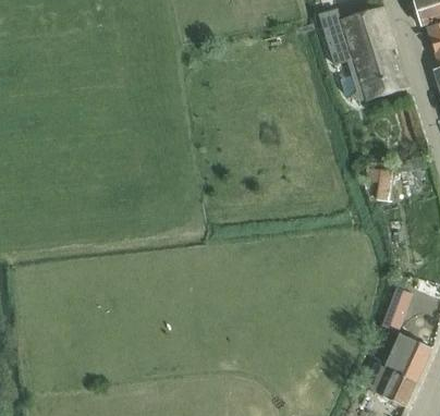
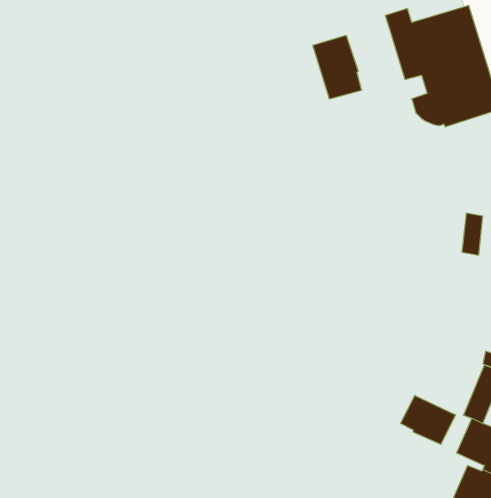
building: none -> [313,35,361,99]
building: none -> [401,395,455,444]

